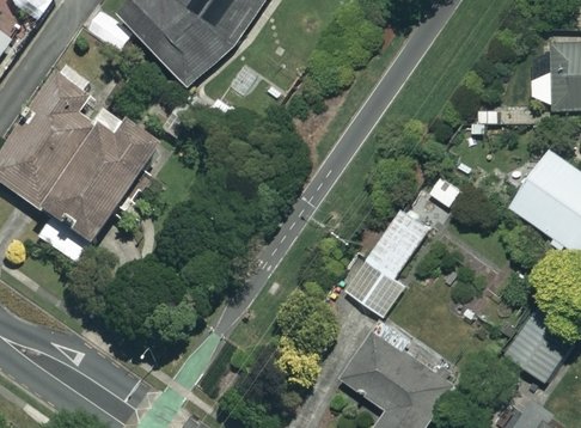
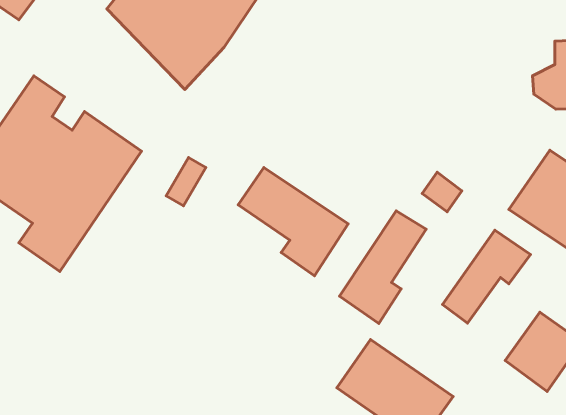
building: none -> [238,168,348,276]
building: none -> [442,230,530,323]

